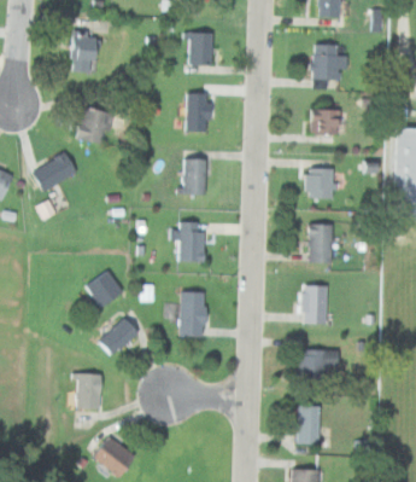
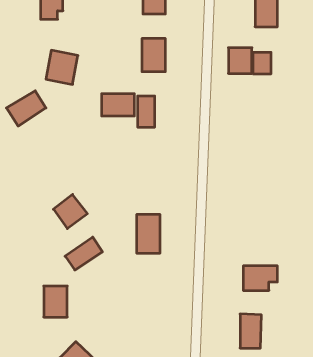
building: none -> [102,94,134,116]
building: [306,168,333,197] -> [228,48,252,73]
building: [180,221,205,261] -> none
building: [309,223,333,263] -> none
building: [305,285,326,324] -> none

